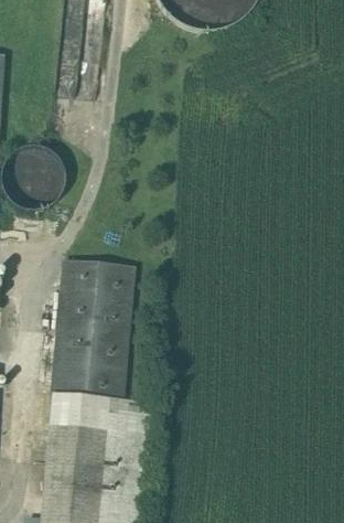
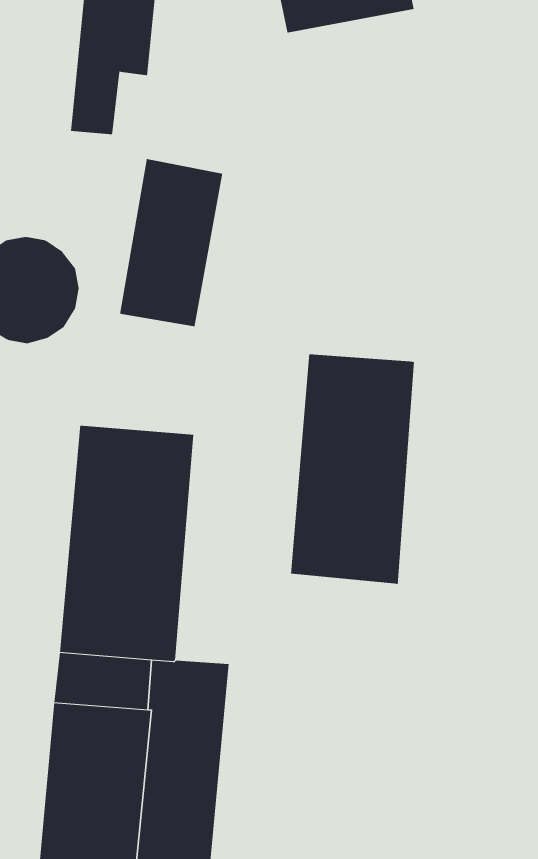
building: none -> [120,158,223,327]
building: none -> [291,353,415,585]

